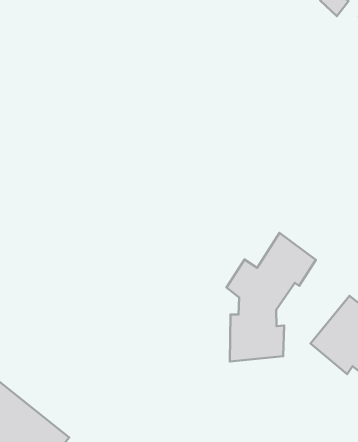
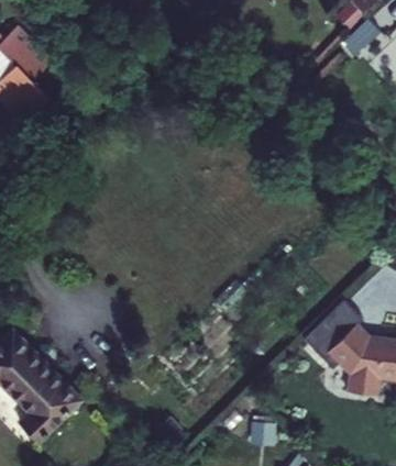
building: [227,233,316,361] -> none

